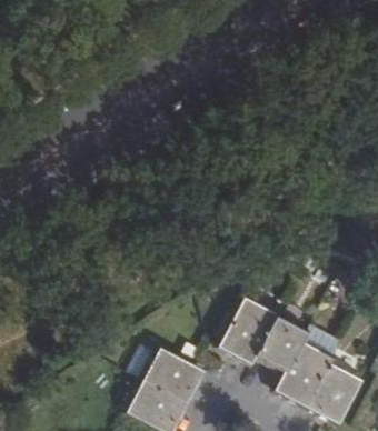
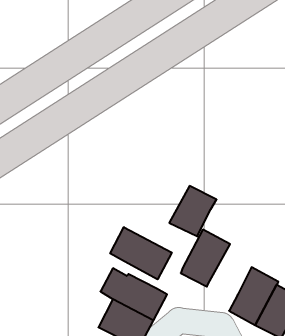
building: none -> [110,227,172,279]
building: [255,317,309,374] -> [169,186,217,236]

